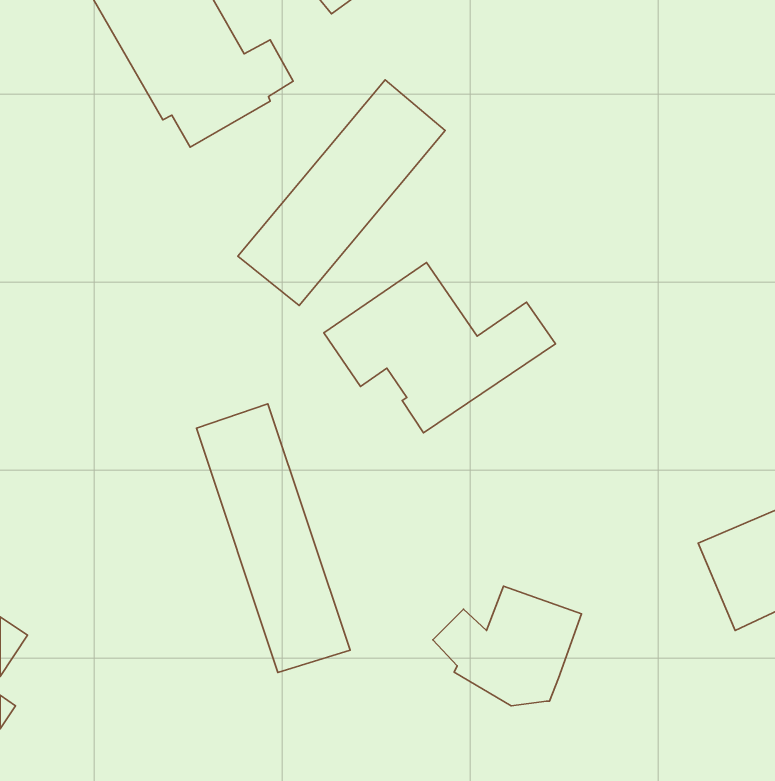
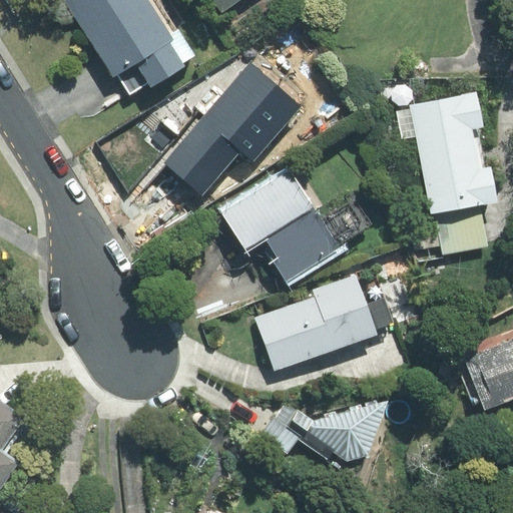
building: none -> [397,93,498,255]
building: [196,404,350,672] -> none
building: none -> [254,268,395,370]

